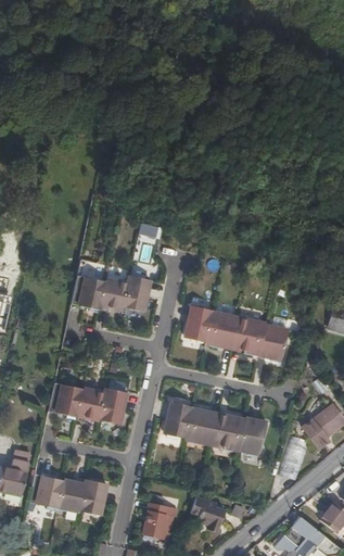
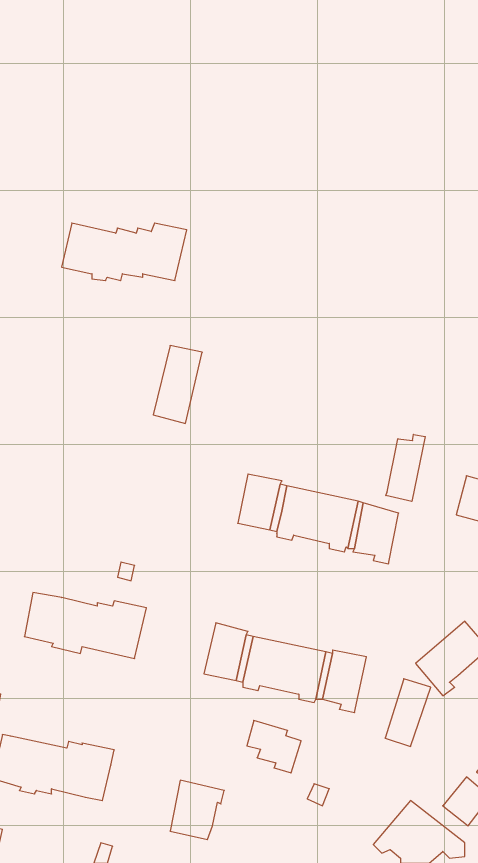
building: [72,274,152,311] -> [62,223,187,281]
building: none -> [386,434,425,501]
building: [189,496,224,530] -> [247,720,301,773]

